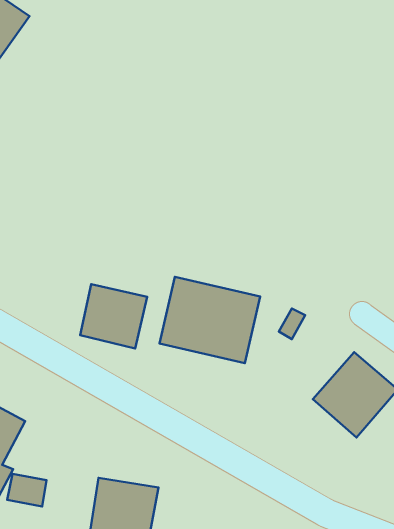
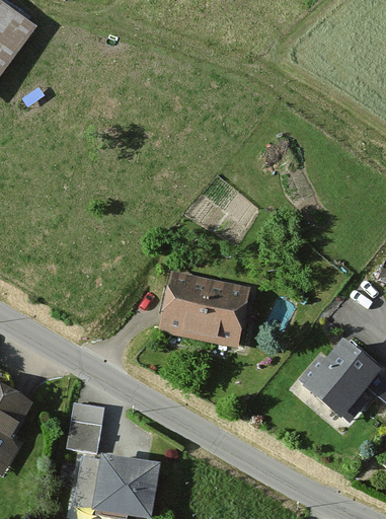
building: [80,284,147,348] -> none
building: [7,474,46,506] -> [67,419,103,449]

